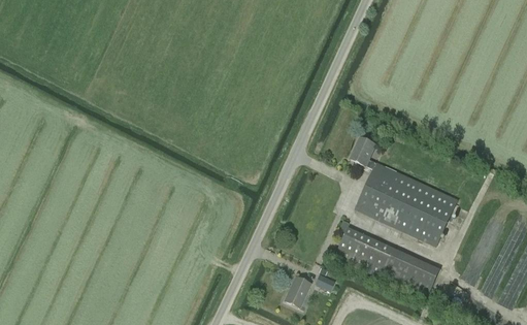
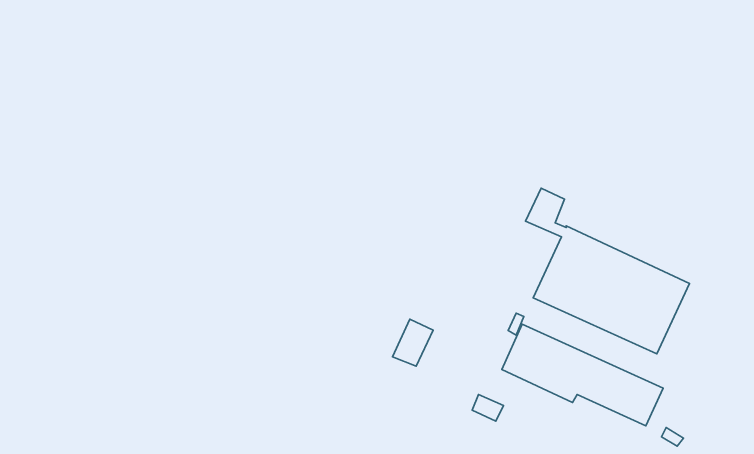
building: [284,275,310,306] -> [393,319,433,366]

